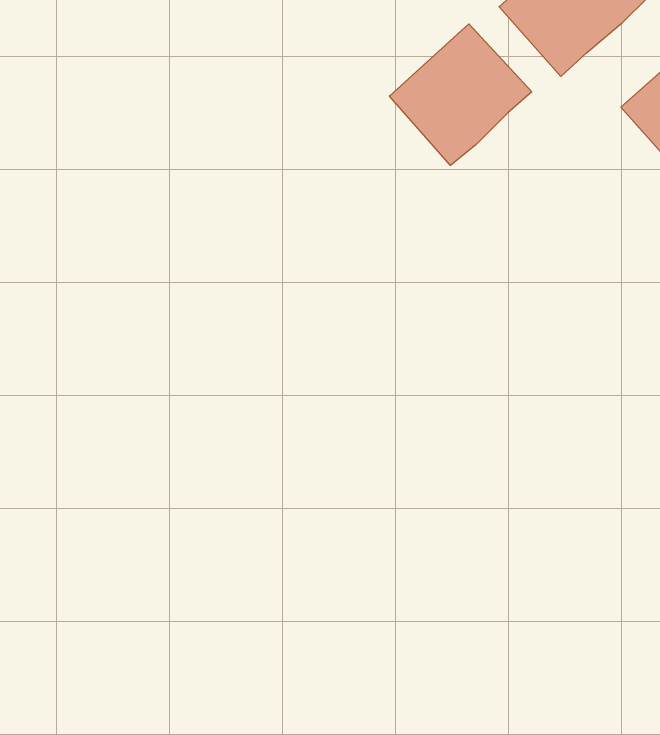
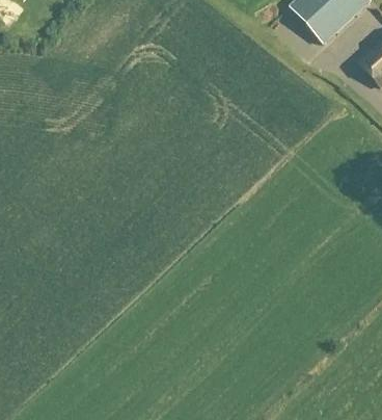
building: [389,24,532,165] -> none

